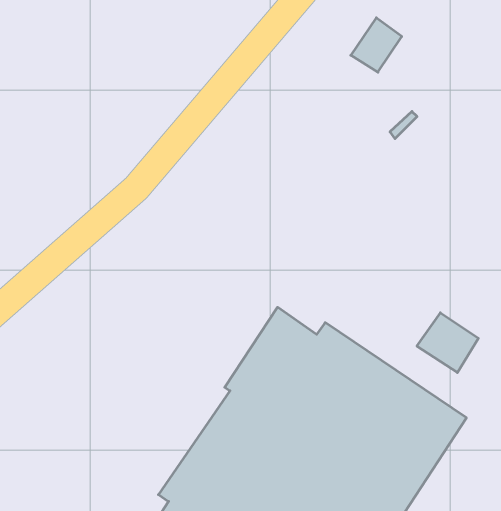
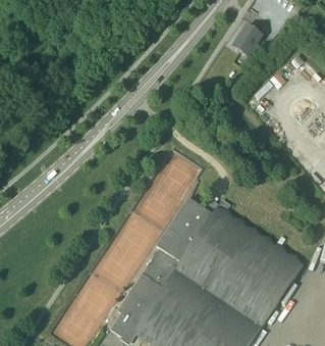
building: [417,313,478,373] -> none

